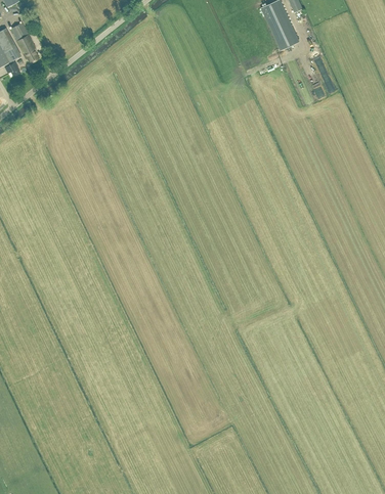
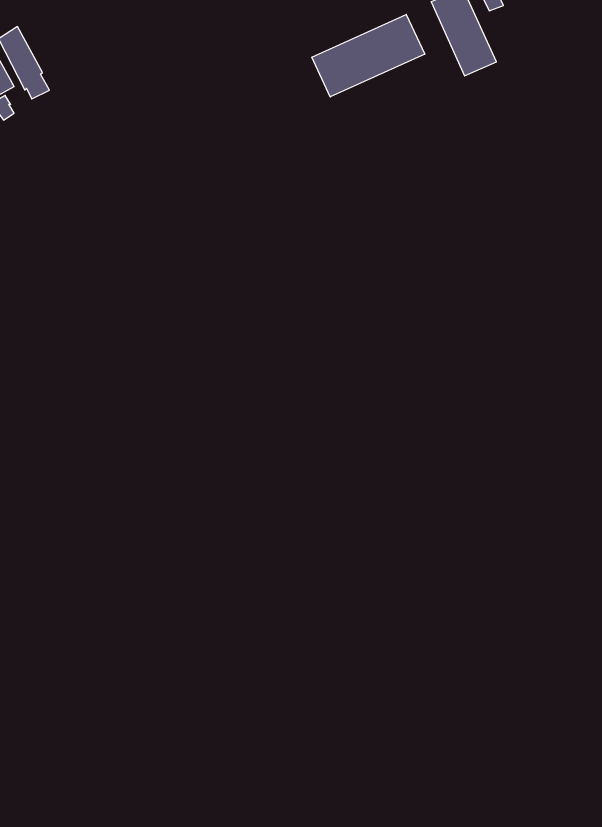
building: none -> [312,14,425,97]

